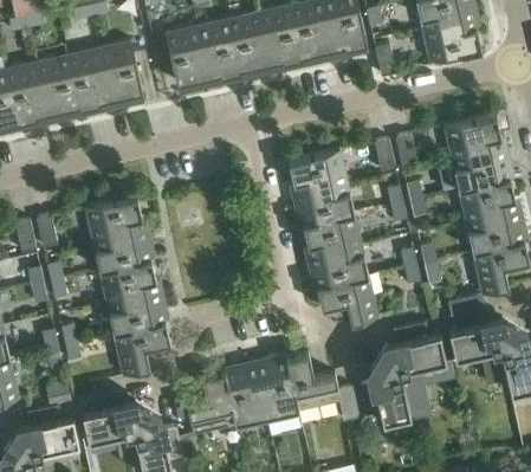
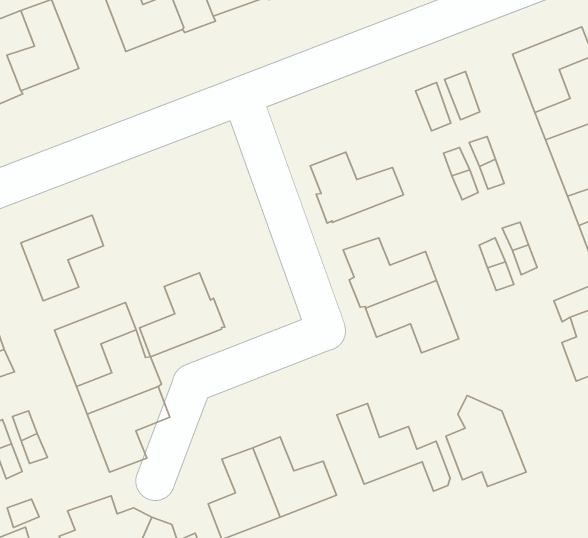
building: [287,150,349,198] -> none
building: [302,213,363,260] -> none
building: [93,218,153,271] -> [139,273,225,357]
building: [377,322,445,419] -> none
building: [244,356,297,414] -> none

